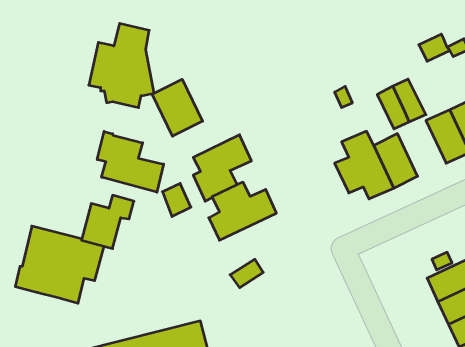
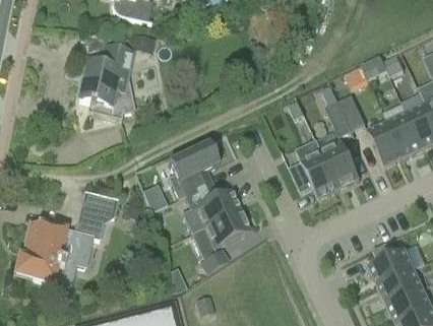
building: [152,79,203,136] -> none
building: [97,131,164,192] -> none
building: none -> [191,209,250,253]

